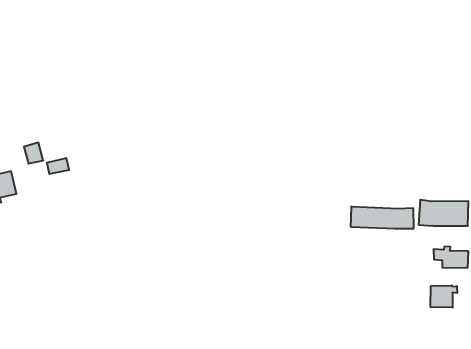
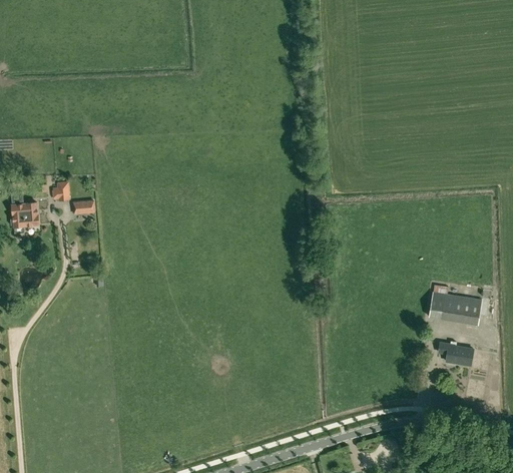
building: [351,206,414,229] -> none
building: [431,285,457,308] -> none

